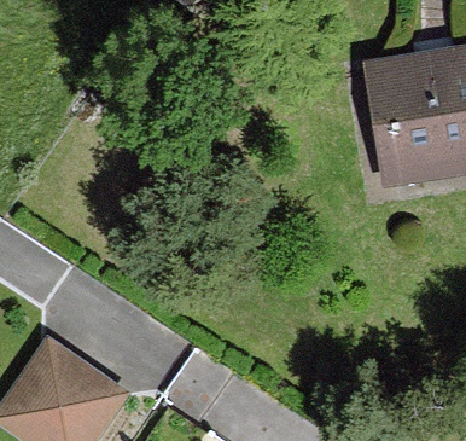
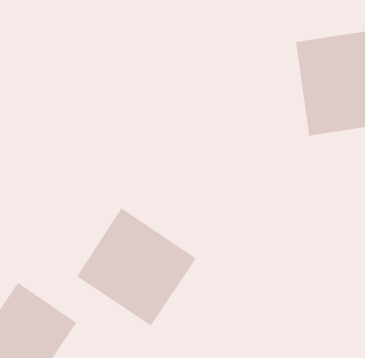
building: none -> [76,207,197,326]

